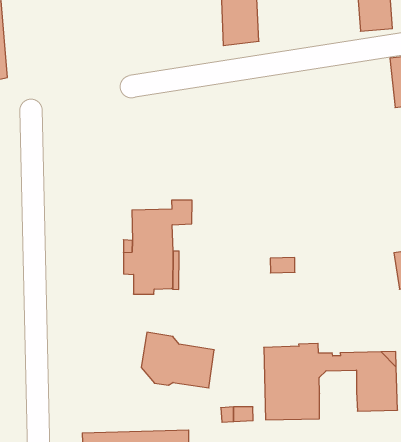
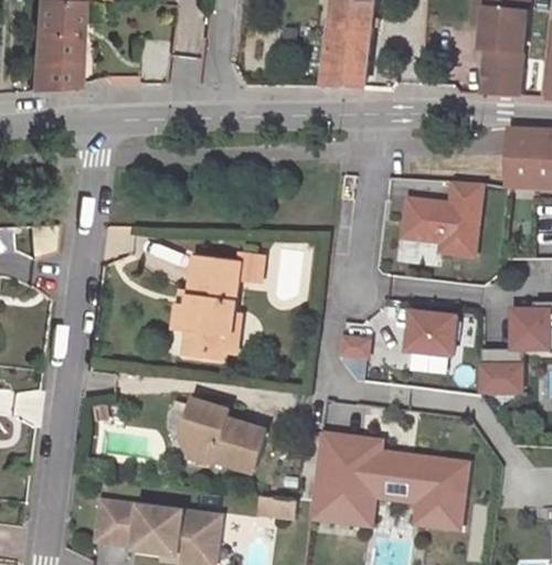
building: none -> [403,182,484,256]
building: none -> [407,311,458,355]
building: none -> [375,471,421,500]

